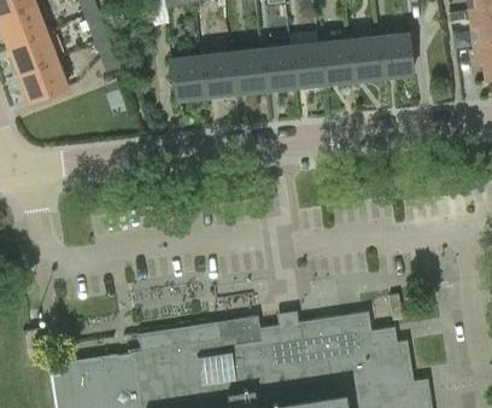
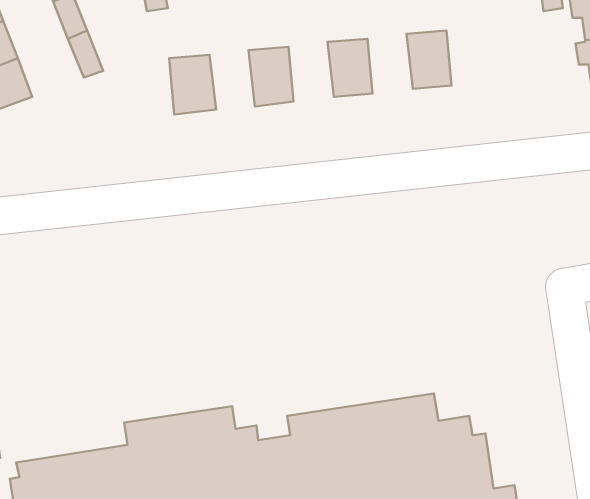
building: [377,34,412,78] -> none
building: [318,40,352,84] -> none
building: [259,46,293,91] -> none
building: [200,52,234,97] -> none

